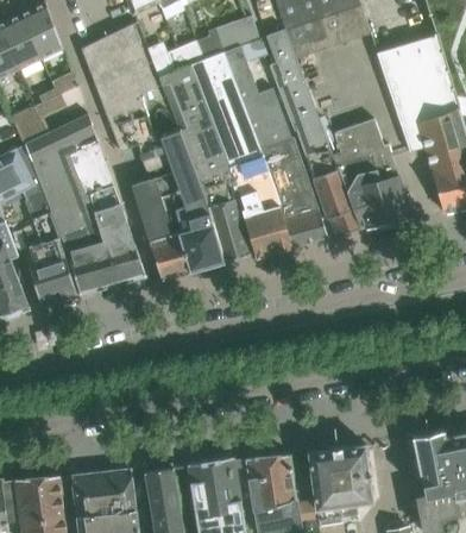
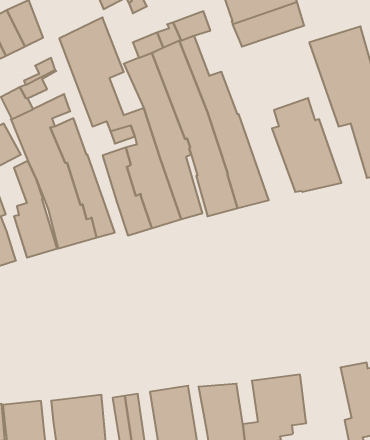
building: [265,27,359,234] -> none

